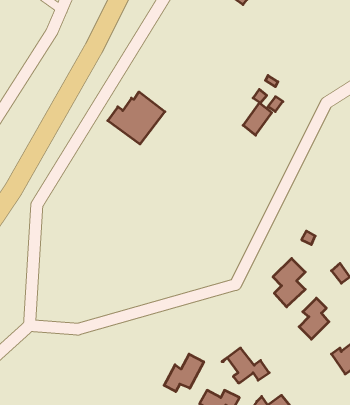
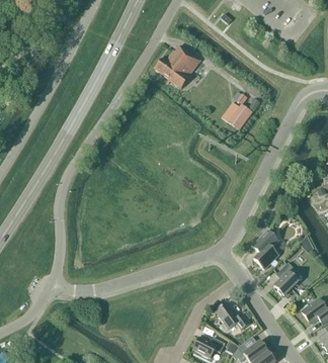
building: [108,92,165,144] -> [154,44,200,87]
building: [164,354,204,392] -> none

